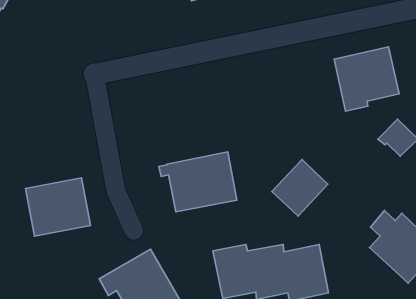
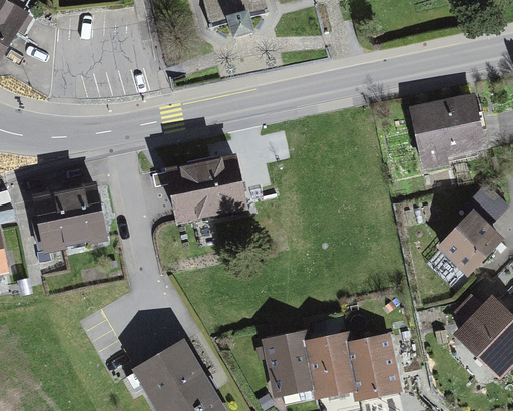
building: [159,152,237,212] -> [151,154,246,228]
building: [272,159,328,216] -> [435,210,503,279]
building: [25,178,91,236] -> [26,183,105,255]

